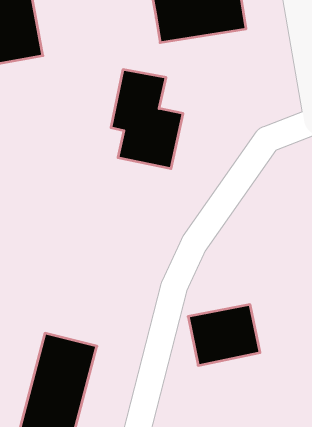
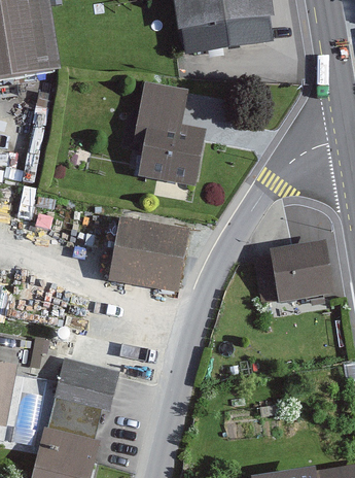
building: none -> [110,216,191,291]
building: [188,305,260,365] -> [259,240,333,303]

